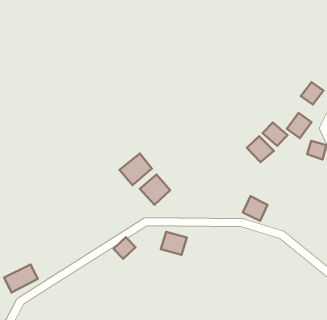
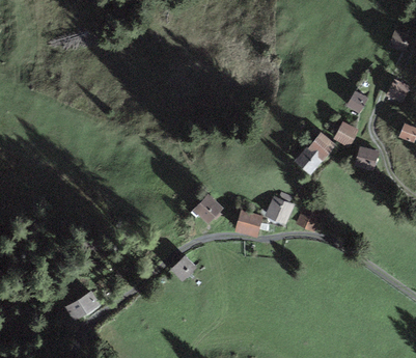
building: [119,153,152,185] -> none
building: none -> [266,196,293,223]
building: [161,232,187,255] -> [235,211,260,232]

